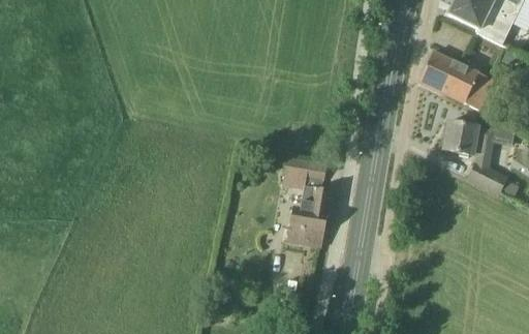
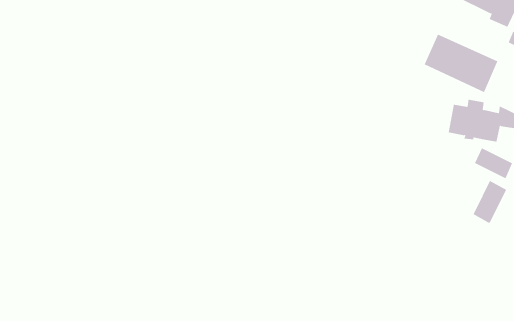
building: [283,158,333,246] -> none
building: none -> [473,180,507,223]

